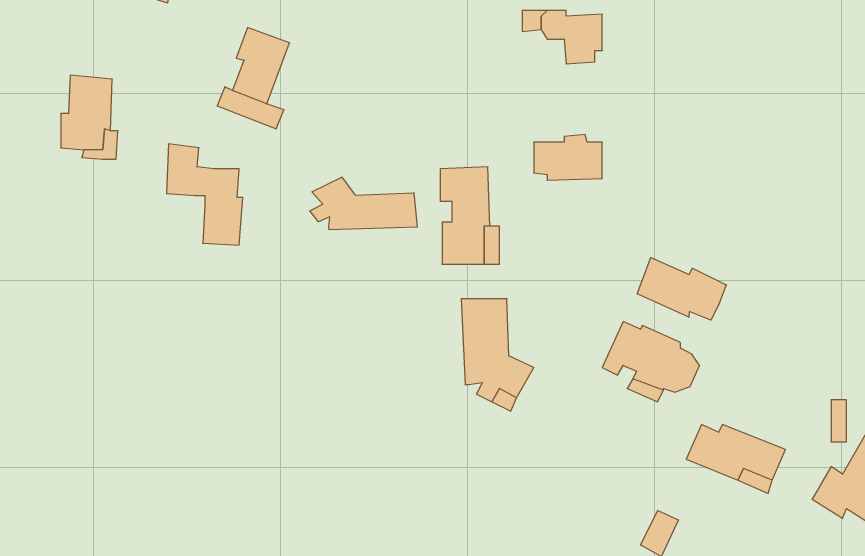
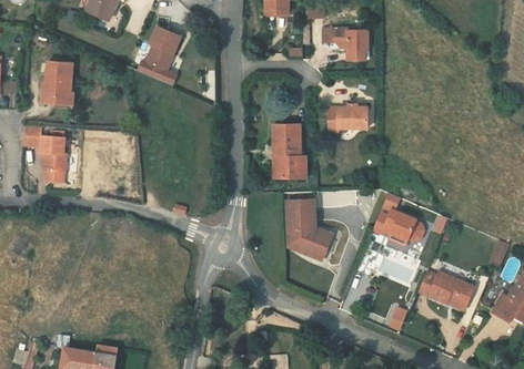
building: [167,144,243,245] -> [31,124,75,183]
building: [310,177,417,230] -> none
building: [637,258,726,320] -> none

